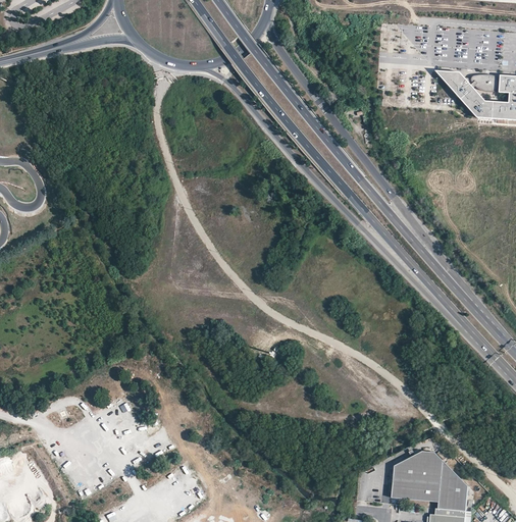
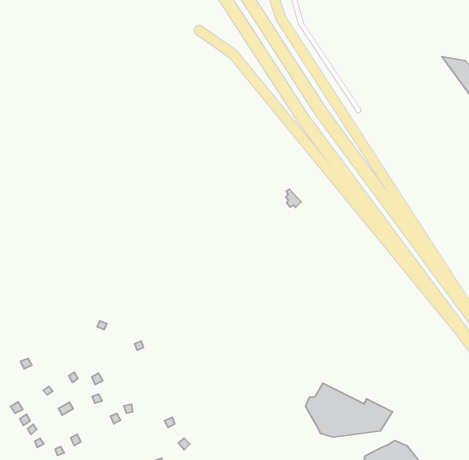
building: none -> [305,383,392,437]

